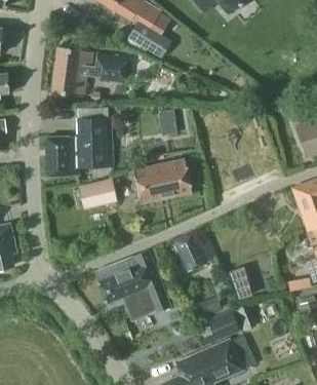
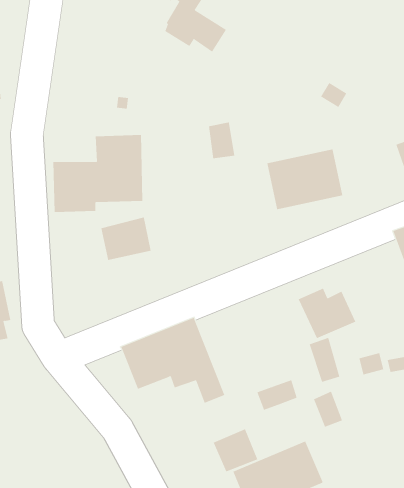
building: [51,47,126,95] -> none
building: [134,159,190,203] -> [267,149,343,210]
building: [173,233,215,270] -> [298,288,356,339]
building: [207,309,240,341] -> [213,428,258,472]

